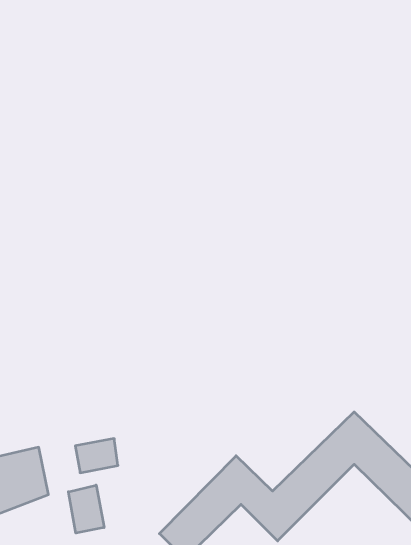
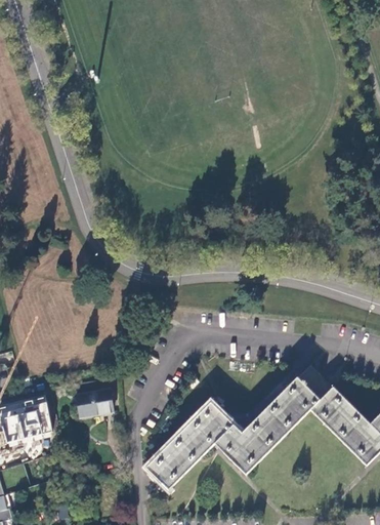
building: [68,485,104,533] -> none

